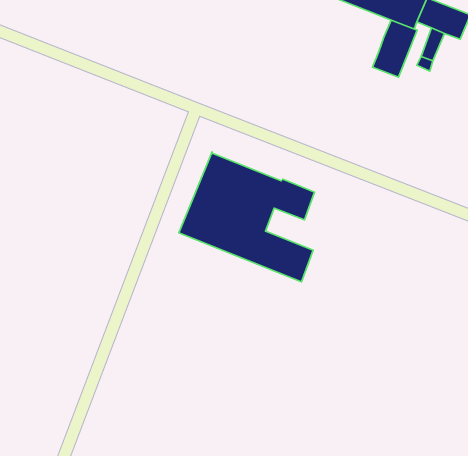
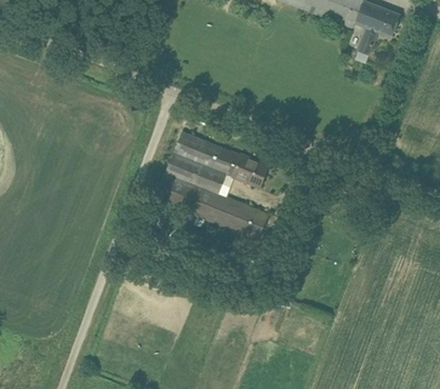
building: [372,20,417,77] -> none

